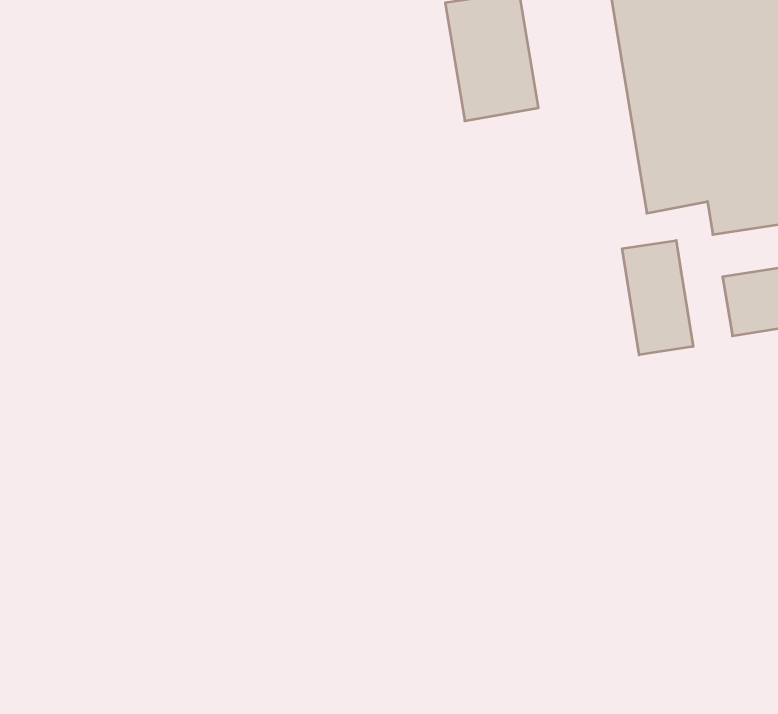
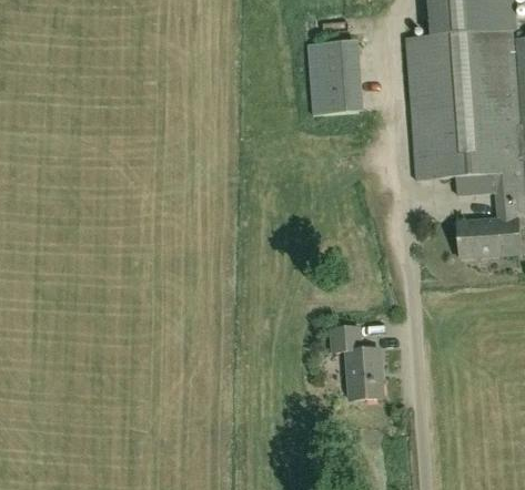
building: [622,240,693,355] -> none
building: none -> [332,326,384,398]

